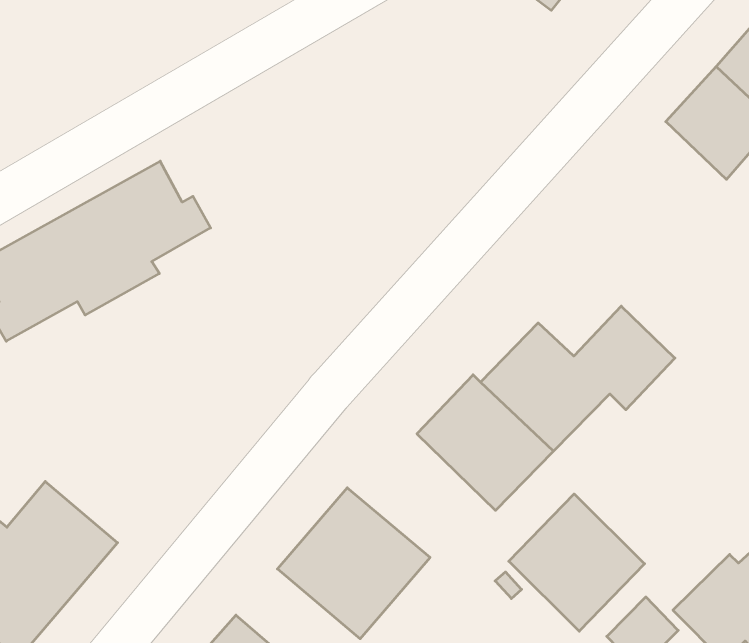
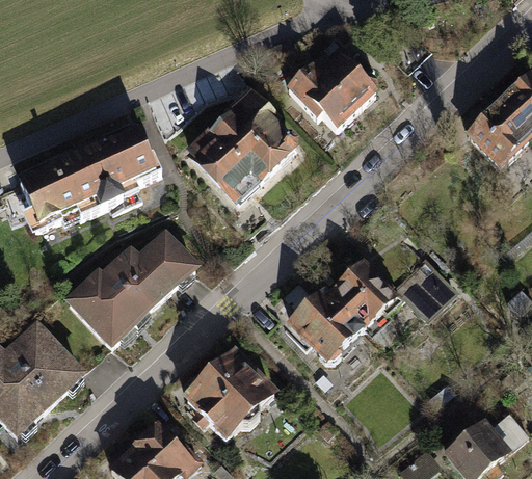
building: none -> [290,50,370,122]
building: none -> [190,86,292,189]
building: none -> [70,232,193,342]
building: [509,494,645,631] -> none

